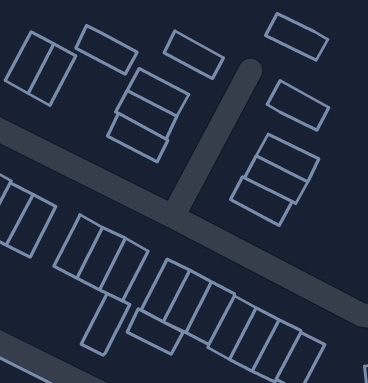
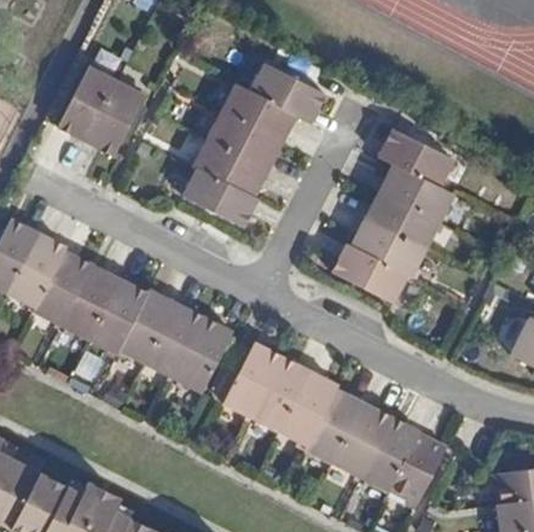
building: [265,14,328,60] -> [378,165,454,222]
building: [76,25,137,74] -> [221,84,296,144]
building: [81,294,130,355] -> [88,280,147,355]
building: [127,309,183,354] -> none

